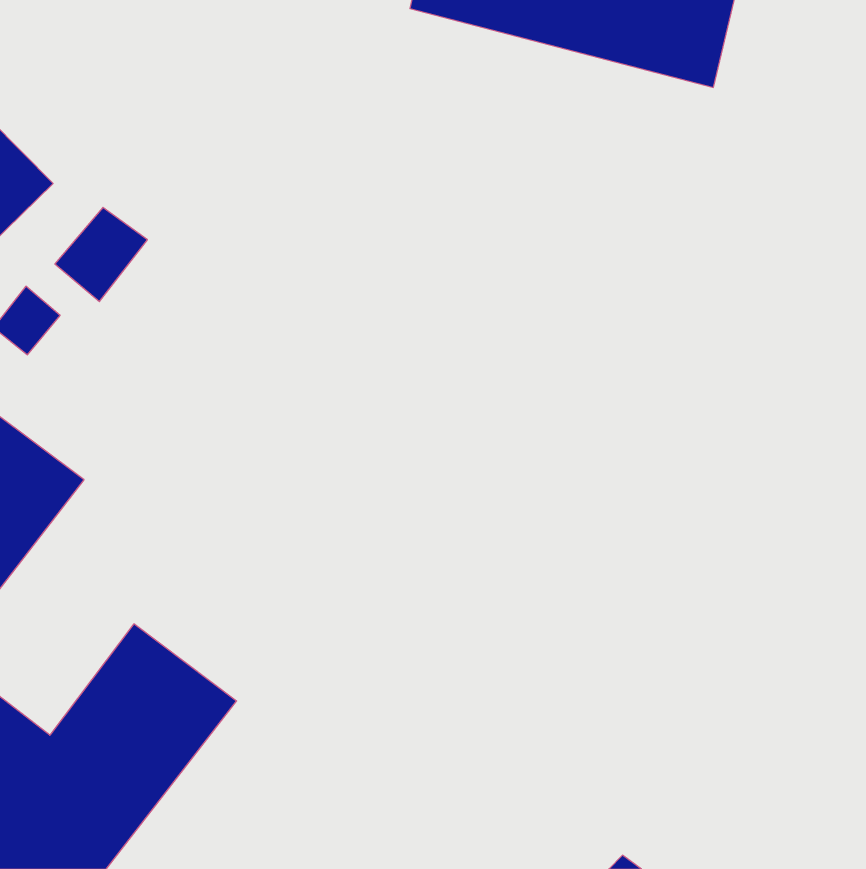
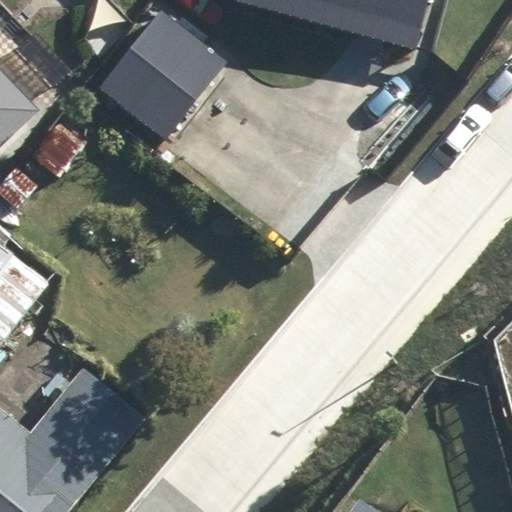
building: none -> [101,12,226,139]

